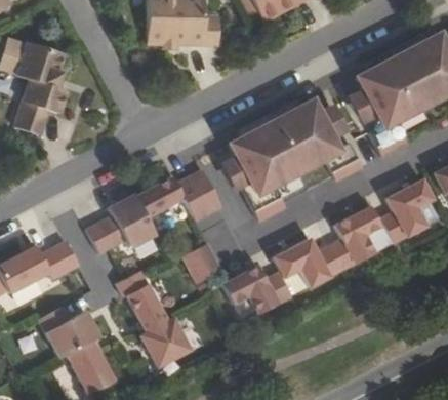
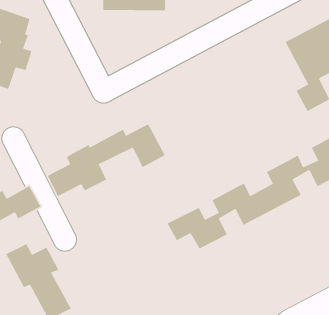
building: [229,101,363,222] -> none
building: [184,243,221,283] -> none
building: [116,271,190,368] -> none

